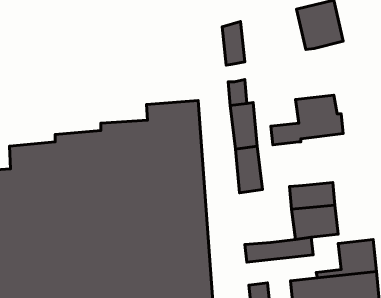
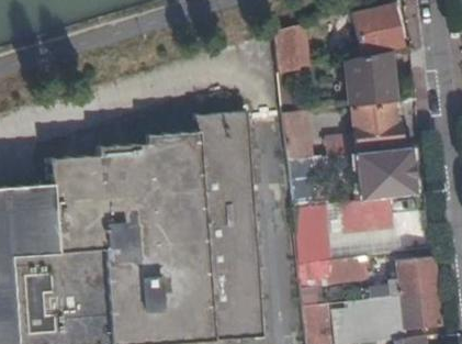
building: none -> [346,52,393,107]
building: none -> [354,148,415,200]
building: none -> [292,204,325,263]

